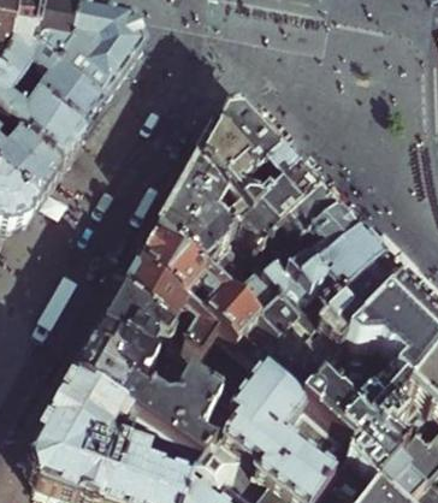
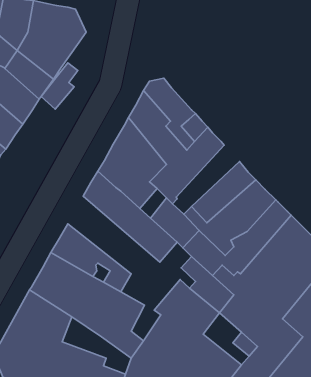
building: none -> [41,63,78,109]
building: [249,191,333,278] -> none
building: [118,255,259,398] -> none

